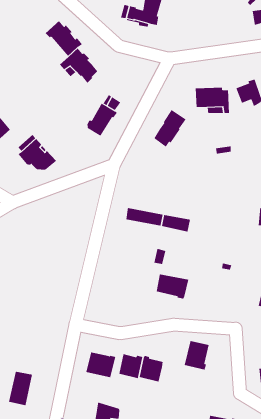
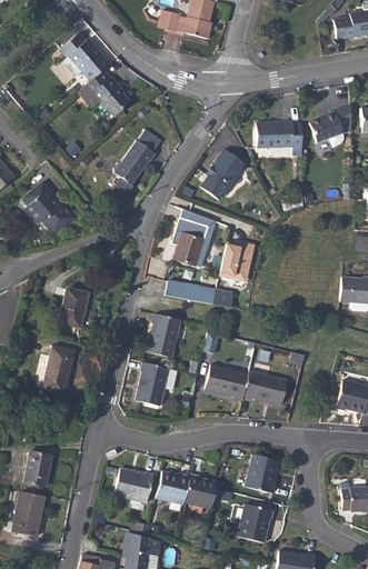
building: none -> [171,207,215,266]
building: none -> [216,239,252,278]
building: none -> [59,287,88,327]
building: none -> [146,313,179,357]
building: none -> [42,345,76,395]
building: none -> [136,361,169,406]
building: none -> [243,369,287,402]
building: none -> [24,451,52,486]
building: none -> [235,502,271,540]

